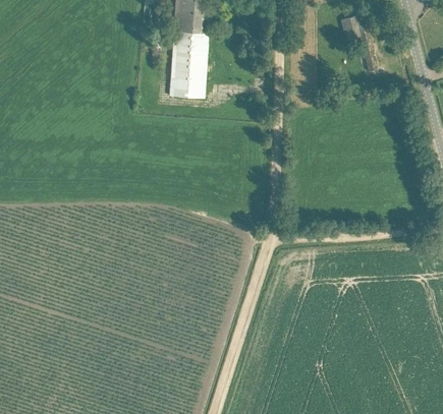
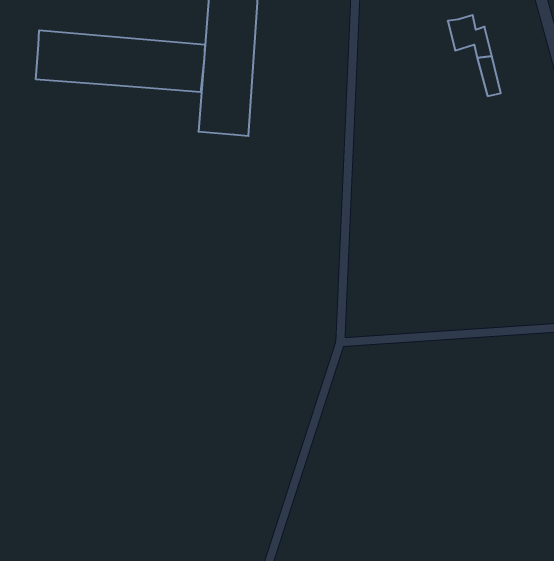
building: none -> [36,30,205,92]

